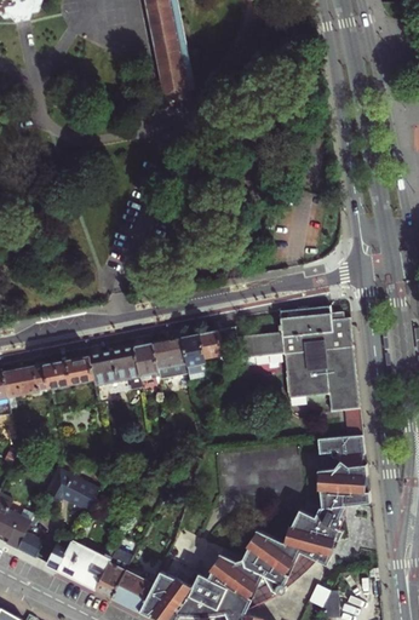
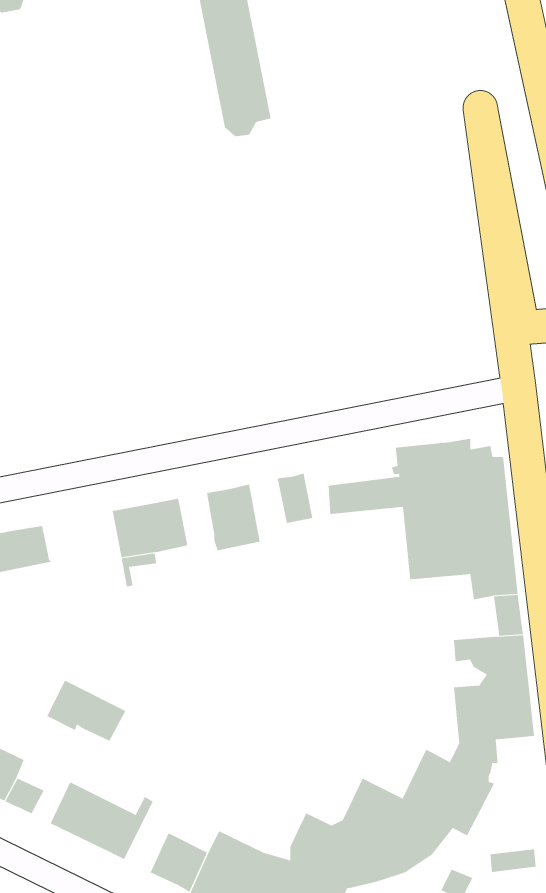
building: [179,333,206,381] -> none
building: [132,343,155,377] -> none
building: [41,355,92,388] -> none
building: [96,549,128,596] -> none

